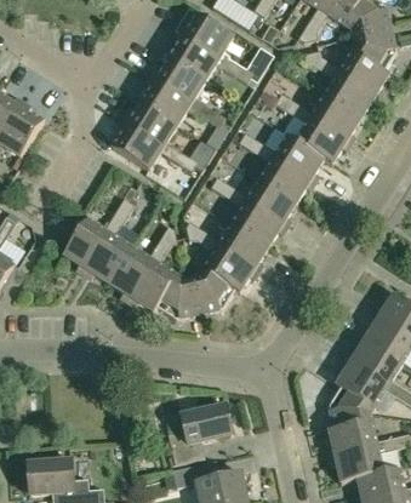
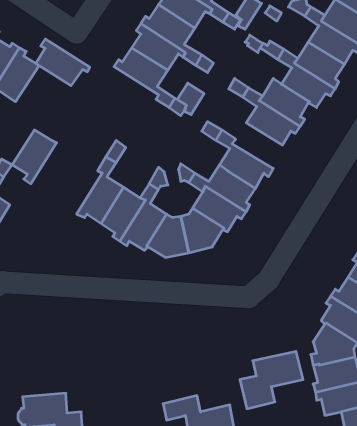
building: [113,121,169,170] -> [36,39,90,86]
building: [245,179,297,227] -> none
building: [64,218,110,274] -> [12,130,57,184]
building: [169,405,234,464] -> [240,351,303,409]

